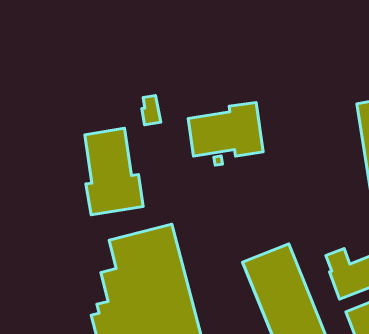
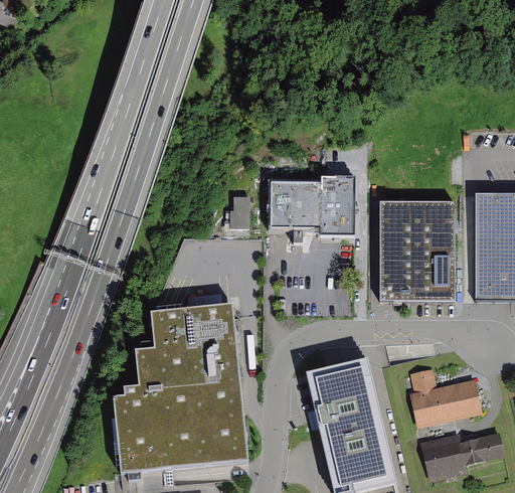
building: [142,95,161,125] -> [229,195,249,228]
building: none -> [379,204,455,302]
building: [85,128,143,215] -> none

